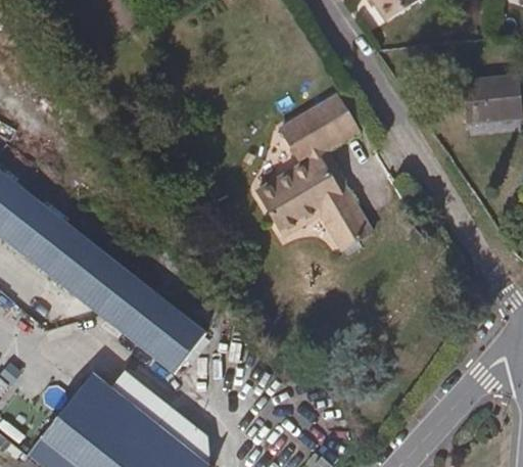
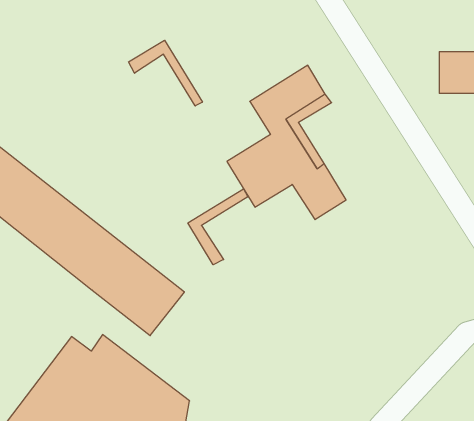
building: none -> [129,40,202,106]
building: none -> [188,189,248,265]

